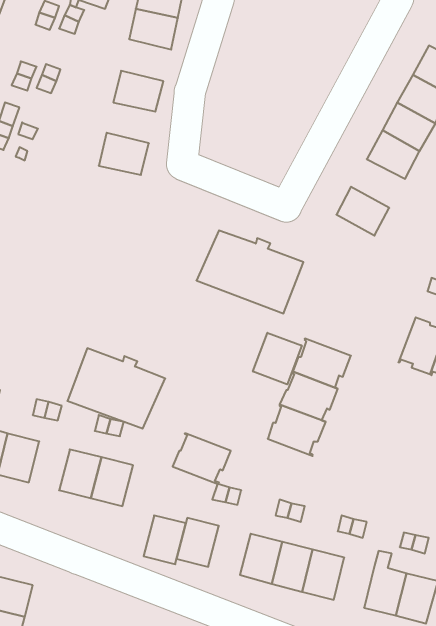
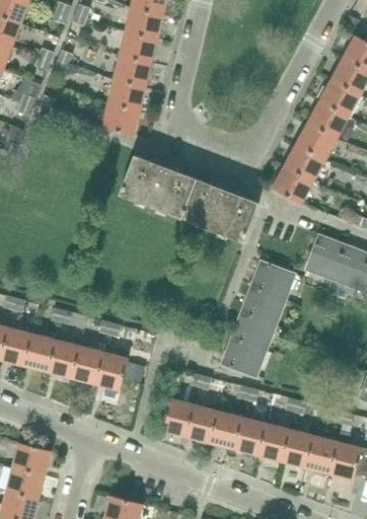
building: none -> [119,30,157,63]
building: none -> [107,79,145,110]
building: none -> [295,123,337,160]
building: none -> [272,165,313,204]
building: none -> [305,234,345,279]
building: [253,333,302,384] -> none
building: [67,348,165,429] -> [119,154,194,216]
building: [173,434,231,484] -> [221,338,266,376]
building: none -> [48,340,79,377]
building: [144,515,186,564] -> [186,404,218,442]
building: none -> [282,429,313,467]

